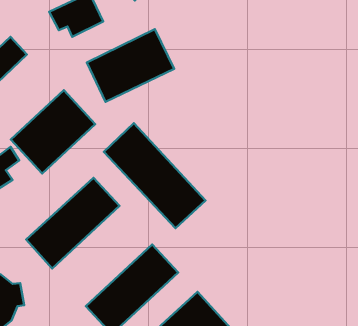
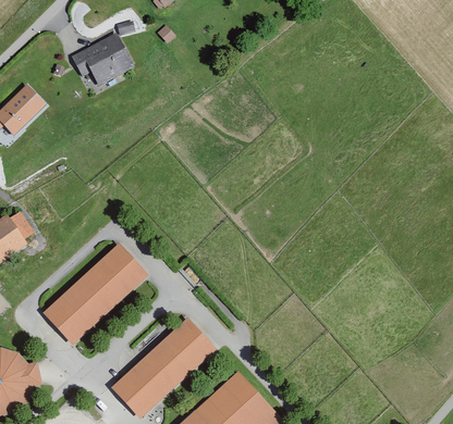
building: [87,29,174,102] -> none
building: [11,90,95,173] -> none
building: [104,123,206,228] -> none

